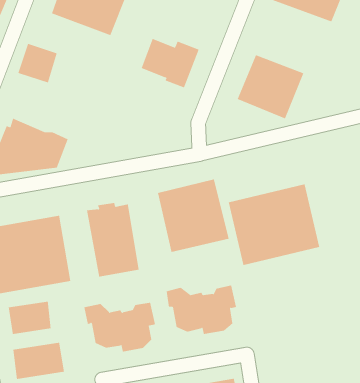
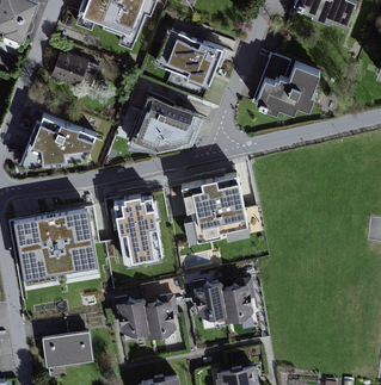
building: none -> [125,91,202,149]
building: [228,183,320,266] -> none
building: [8,301,51,335] -> none

